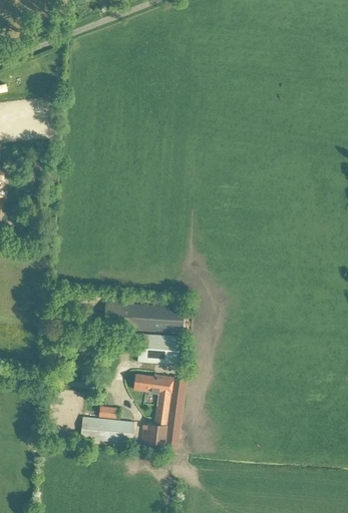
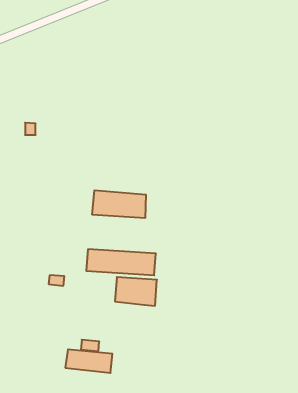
building: none -> [92,190,146,218]
building: [132,374,186,447] -> none

